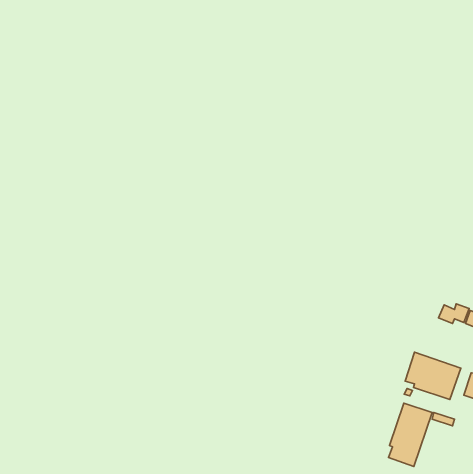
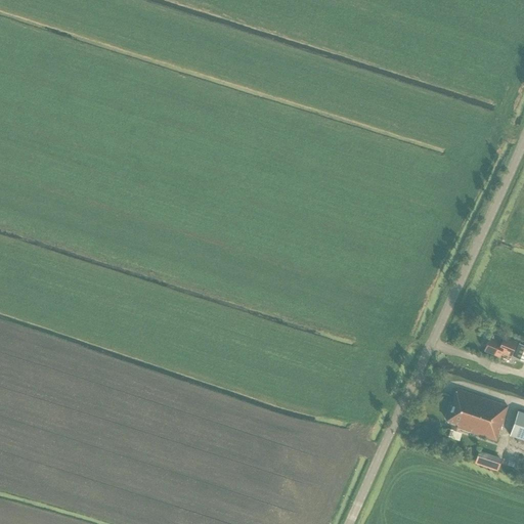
building: [389,403,432,467] -> none

